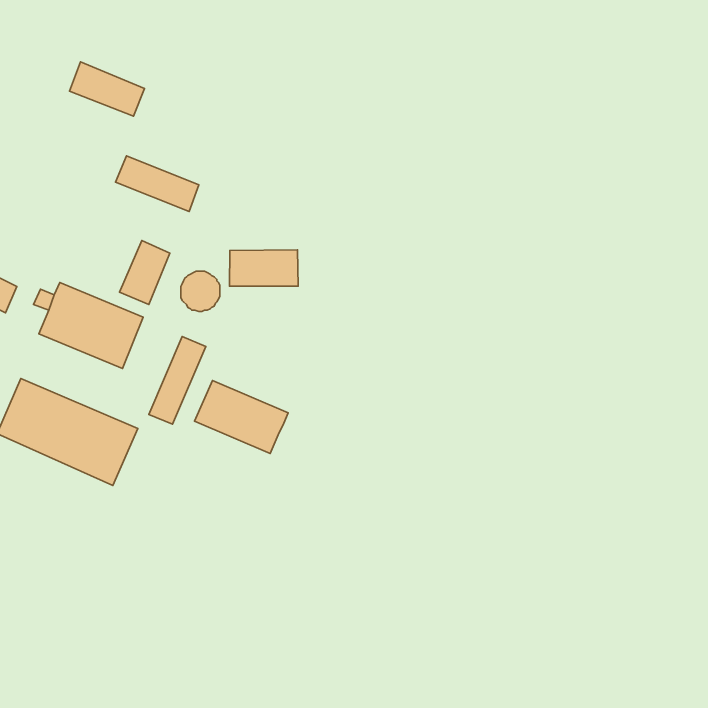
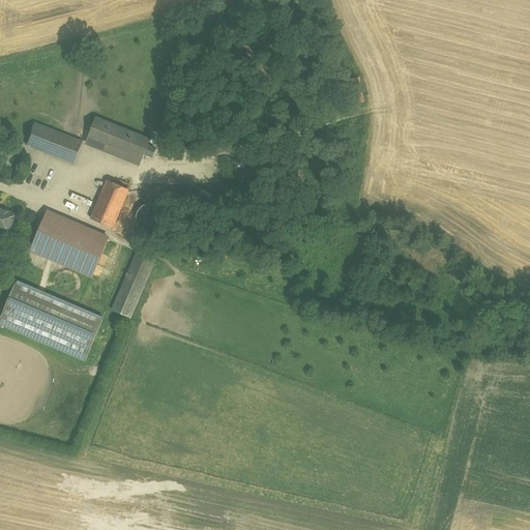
building: [70,62,145,116] -> [25,121,81,161]
building: [229,250,298,286] -> none
building: [194,380,288,454] -> none

